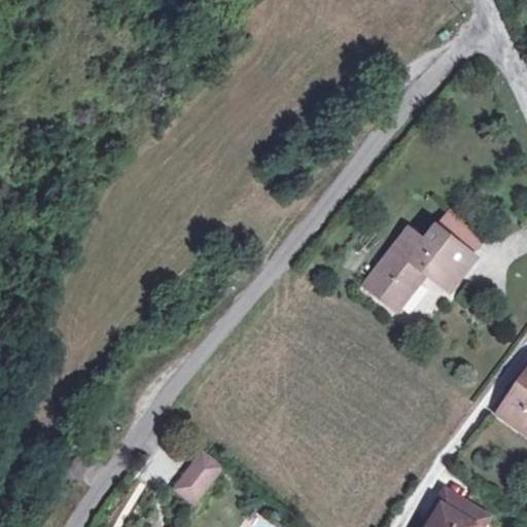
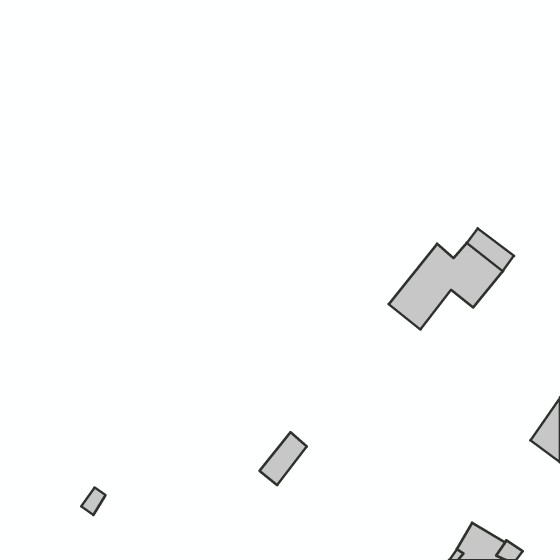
building: [175,454,219,503] -> [260,432,307,485]

